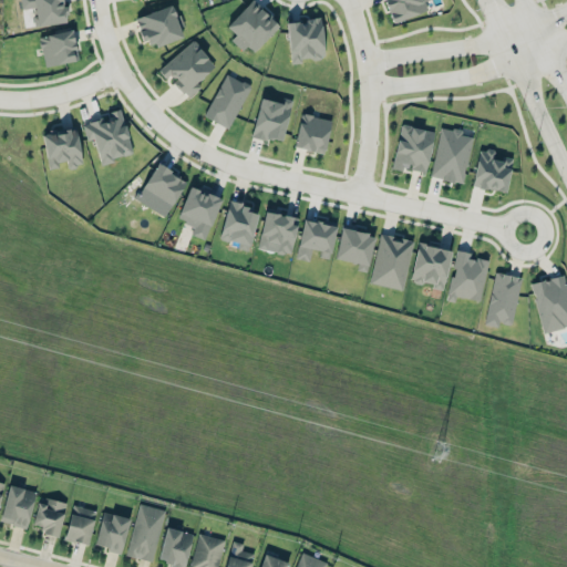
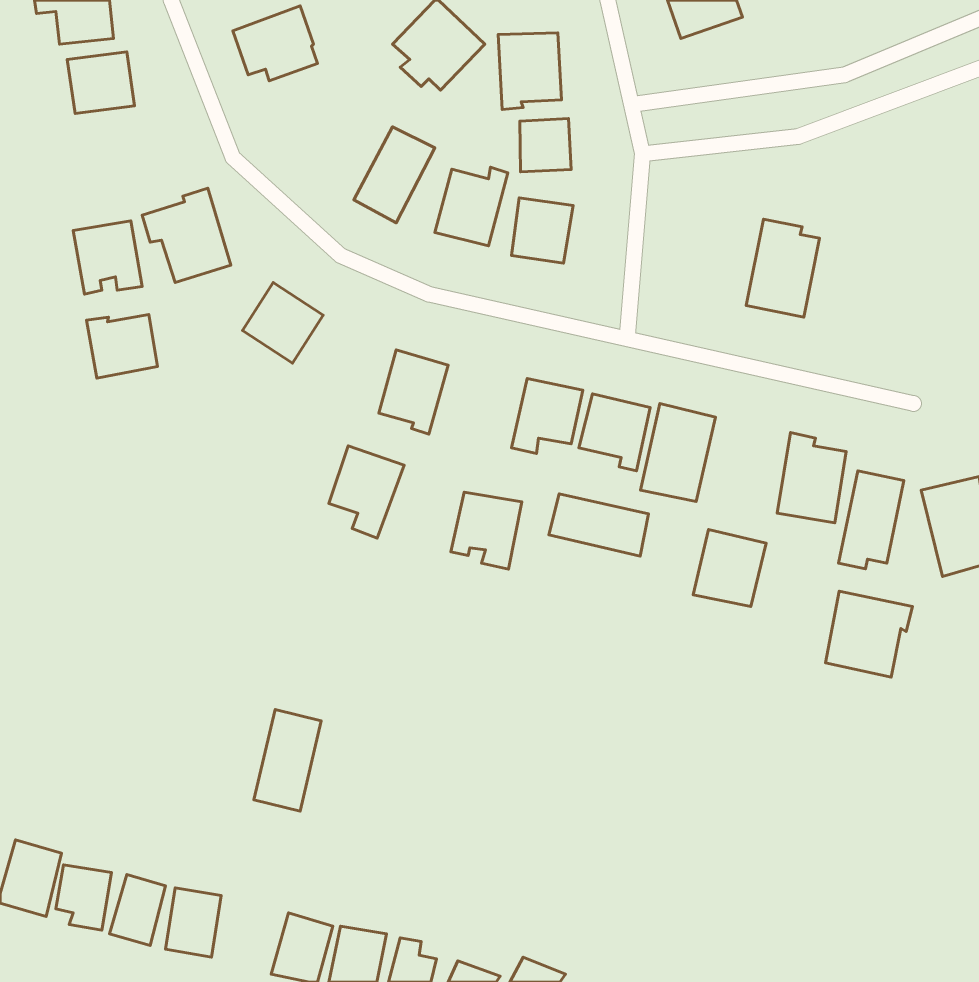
building: [161,40,217,97] -> none
building: none -> [520,119,571,172]
building: [395,125,434,172] -> none
building: [474,147,513,192] -> none
building: none -> [86,314,158,378]
building: [179,186,223,239] -> [329,446,404,538]
building: [259,210,300,255] -> [451,492,522,569]
building: [411,243,453,287] -> [693,530,766,606]
building: none -> [549,494,648,556]
building: none -> [825,591,912,677]
building: [127,503,166,561] -> [254,709,321,811]

